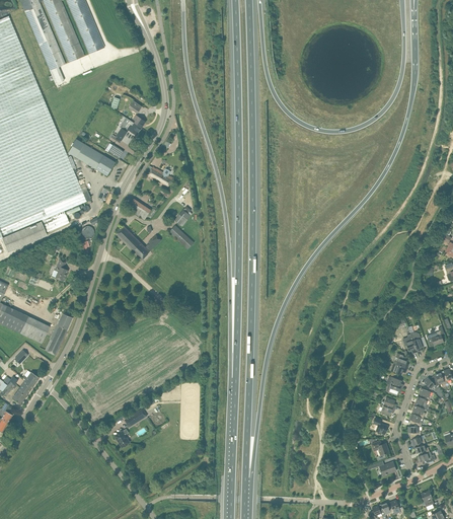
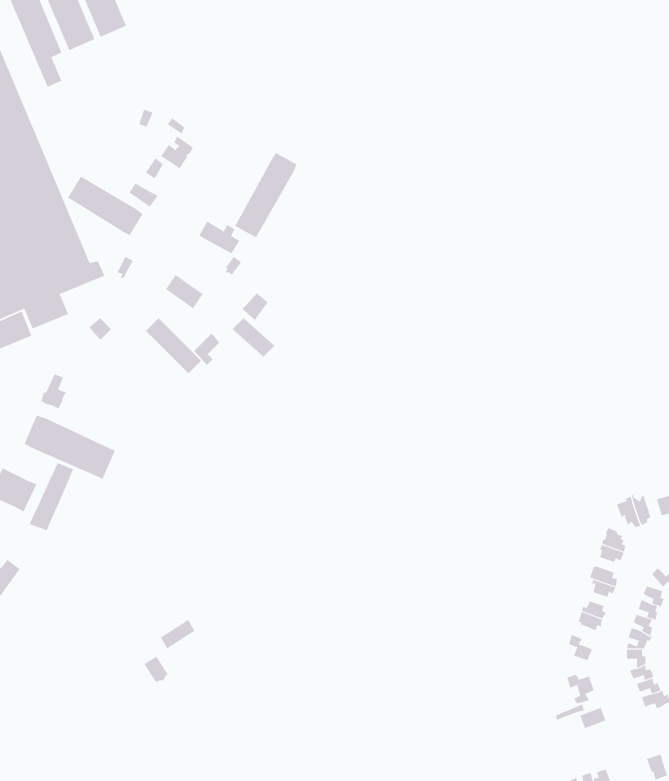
building: none -> [235,152,297,238]
building: none -> [24,415,116,480]

